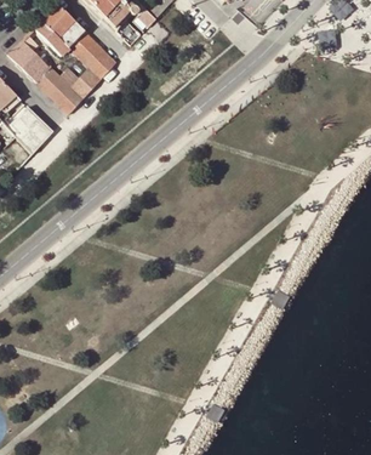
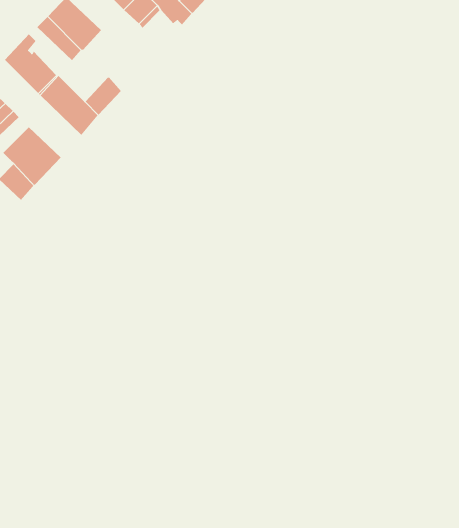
building: [68,30,115,78] -> none

